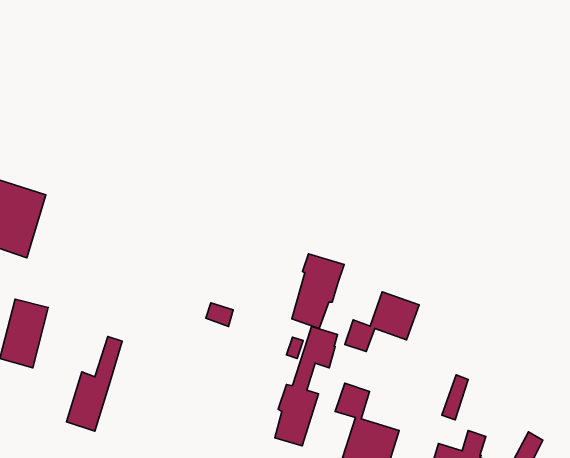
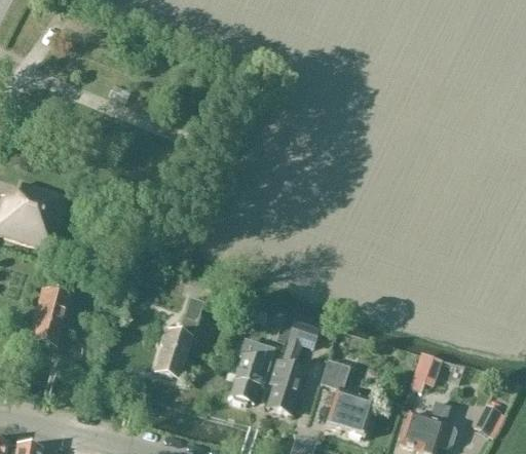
building: [292,254,344,328] -> [230,338,275,403]
building: [345,292,419,352] -> none
building: [66,336,122,431] -> [155,298,203,380]

